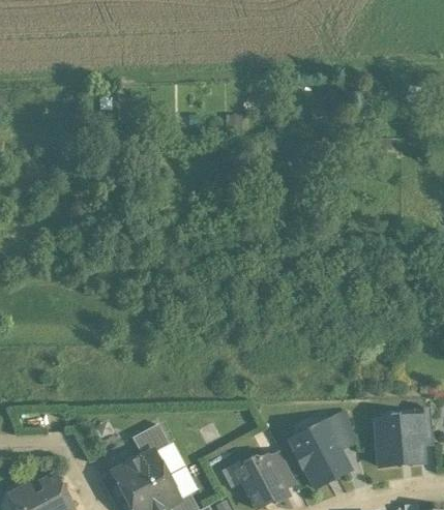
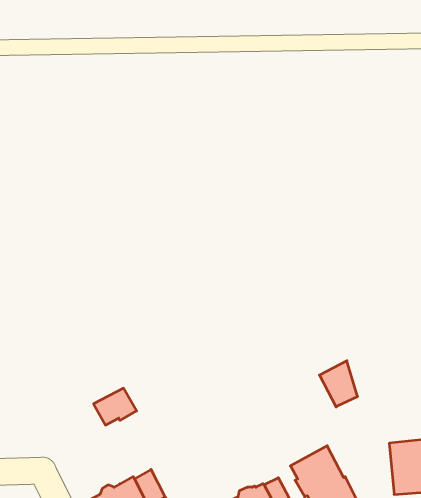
building: [321,411,354,451] -> [319,361,358,407]
building: [130,424,168,456] -> [94,388,137,425]

